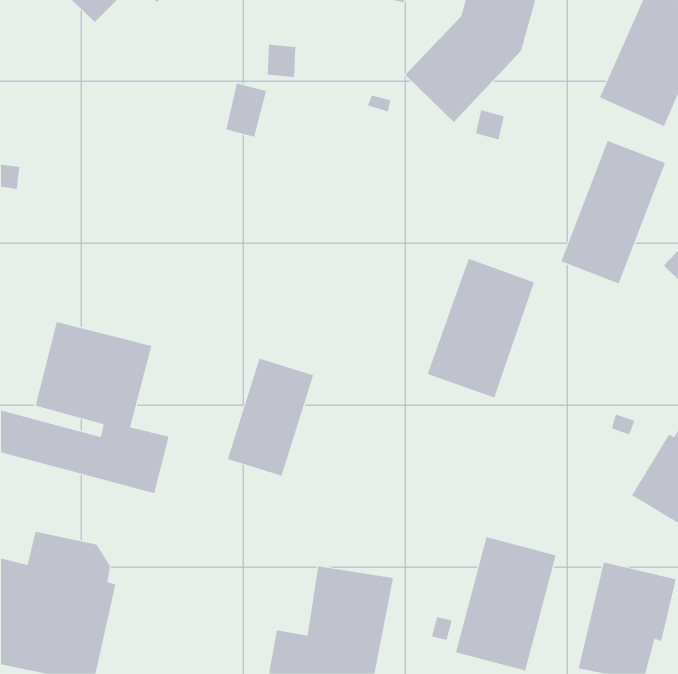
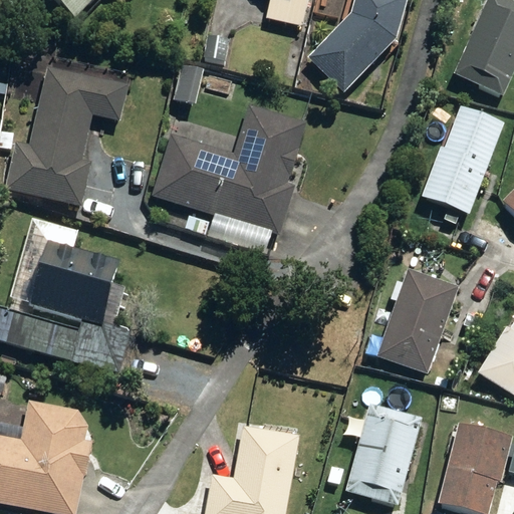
building: none -> [9,62,125,201]
building: none -> [151,103,306,234]
building: [427,258,535,398] -> [376,269,458,374]
building: [227,358,314,477] -> none

